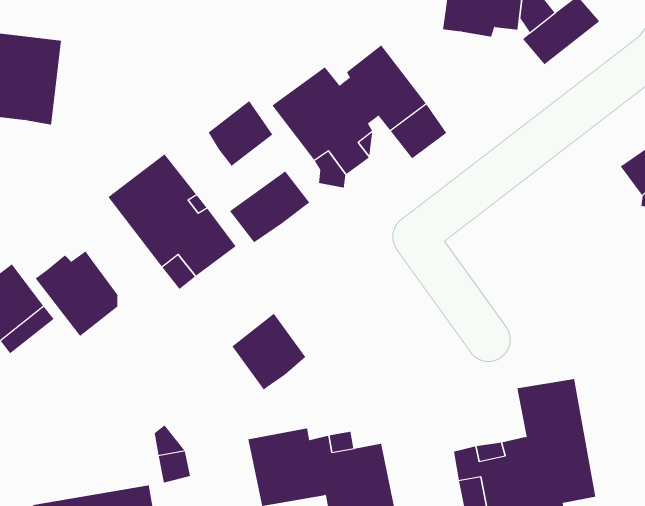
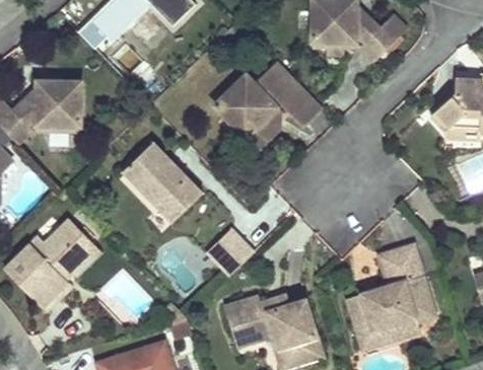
building: [208,100,273,167] -> none
building: [229,170,310,243] -> none
building: [35,250,118,337] -> none

